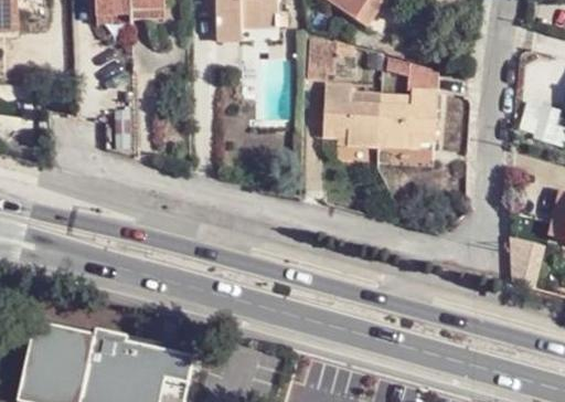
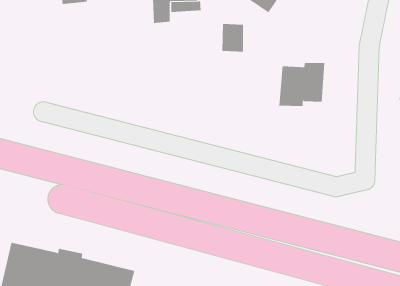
building: [383,54,440,96] -> none
building: [322,84,382,146] -> none

